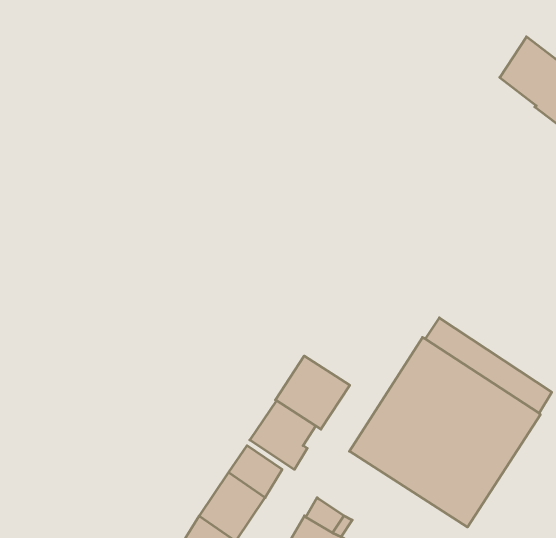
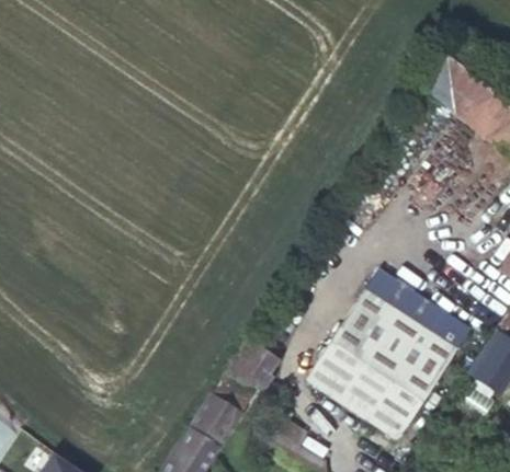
building: [275,356,350,429] -> none

